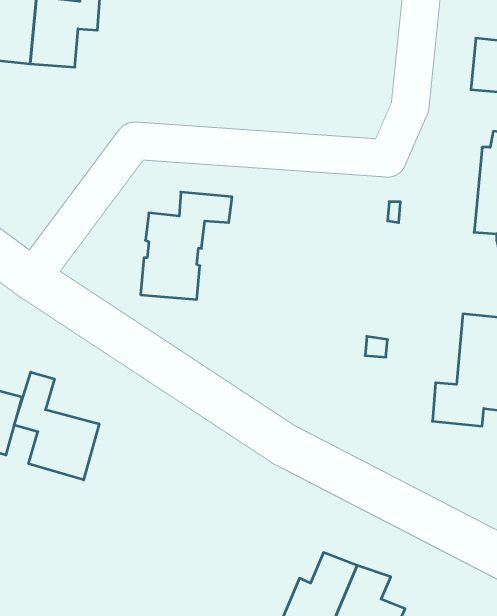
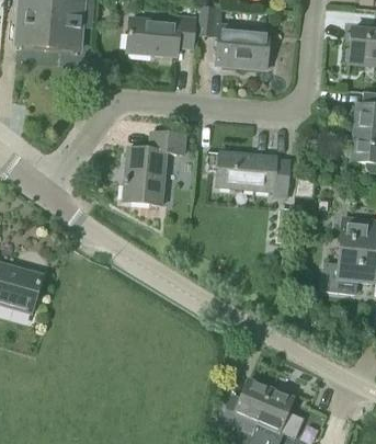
building: none -> [198,7,270,69]
building: none -> [127,18,194,57]
building: none -> [216,150,289,198]
building: [14,372,99,480] -> none

